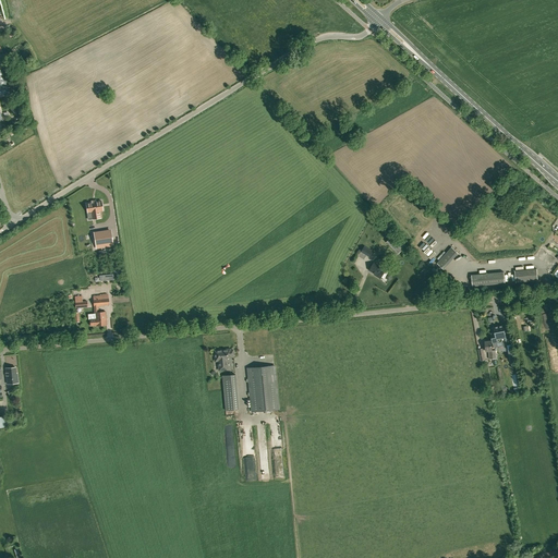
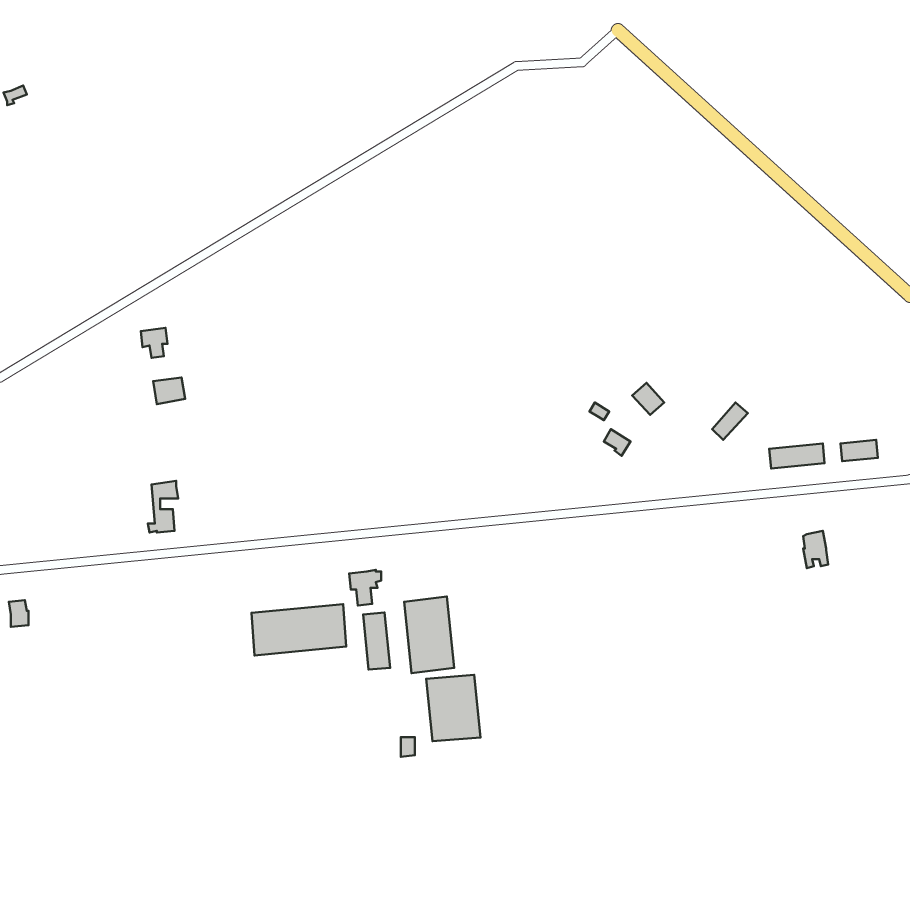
building: none -> [252,604,346,656]
building: none -> [426,675,480,741]

